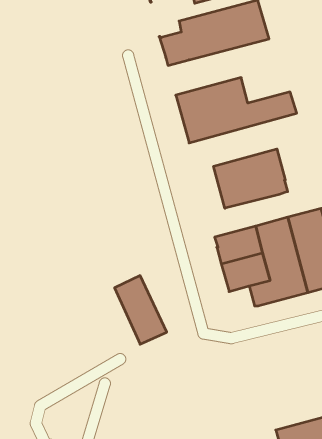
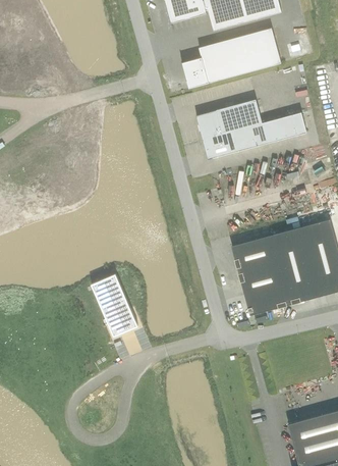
building: [214,149,288,208] -> none
building: [115,276,167,344] -> [93,273,140,336]
building: none -> [245,291,269,314]

